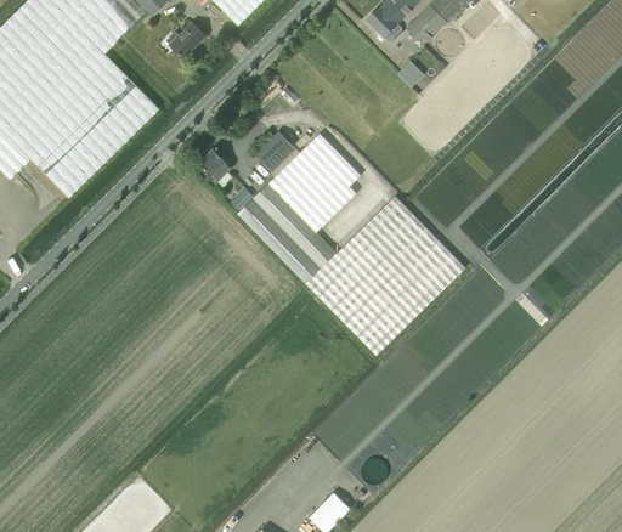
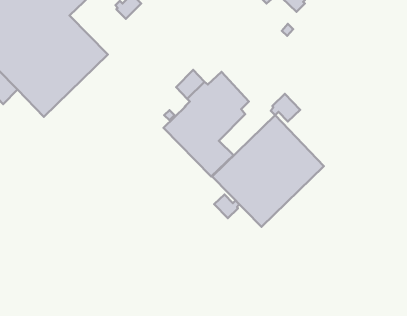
building: [199,148,232,181] -> none
building: none -> [271,94,300,122]
building: none -> [214,194,239,218]

